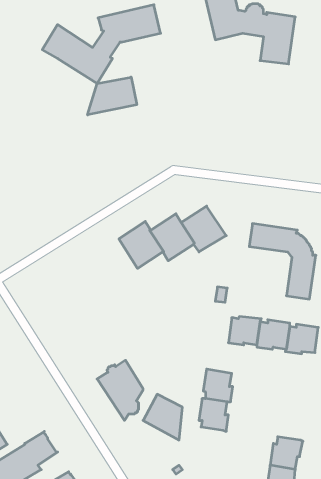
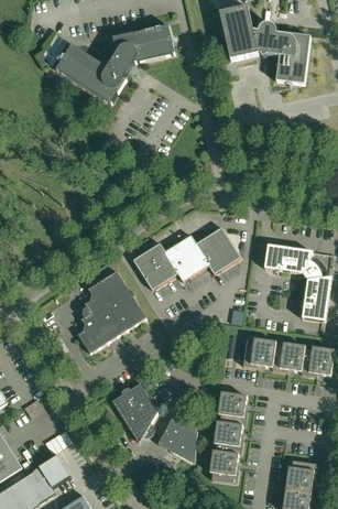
building: [88,77,137,115] -> none
building: none -> [77,269,146,351]
building: none -> [209,448,239,481]

